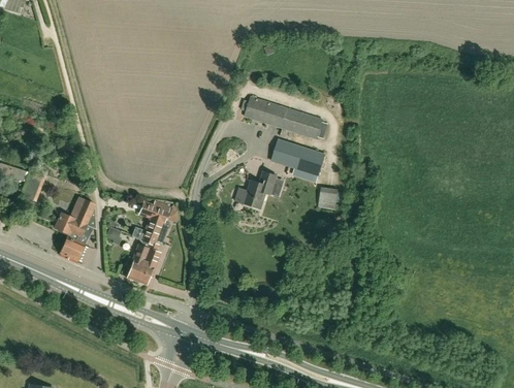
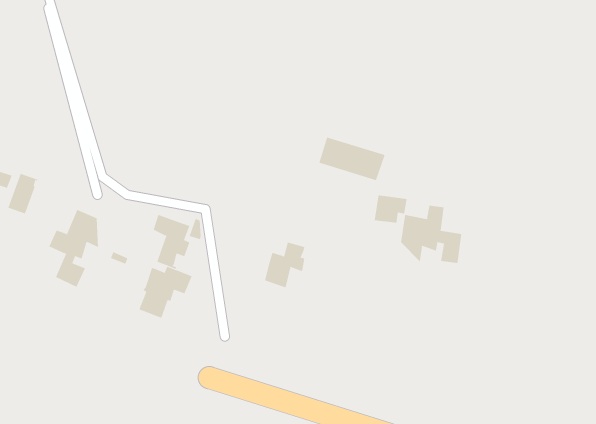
building: [244,96,322,138] -> none
building: [244,171,277,208] -> [264,242,305,288]
building: none -> [401,205,462,264]

